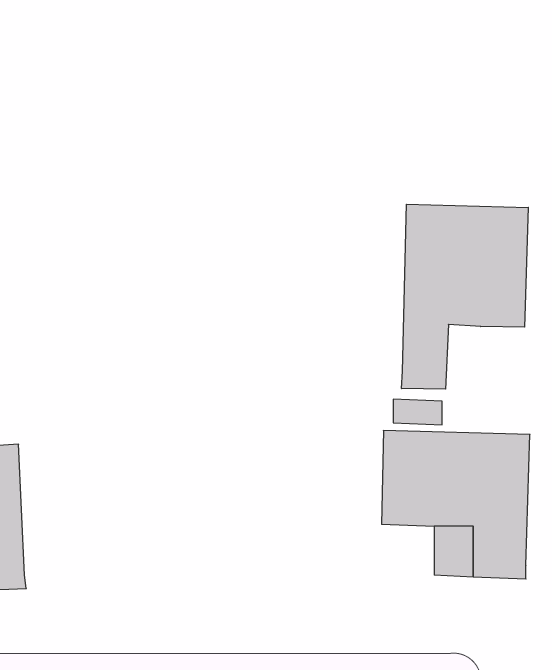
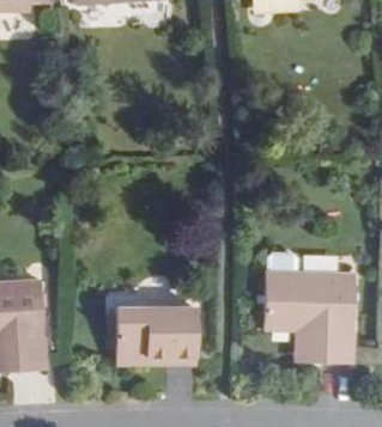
building: [402,204,528,389] -> none
building: none -> [115,309,196,365]

